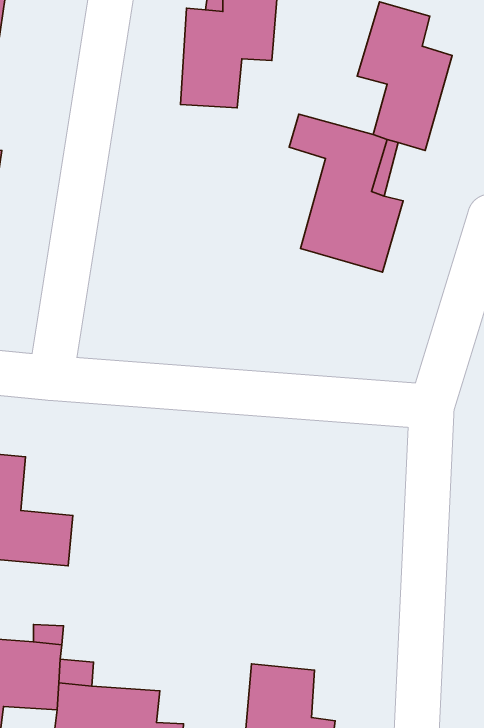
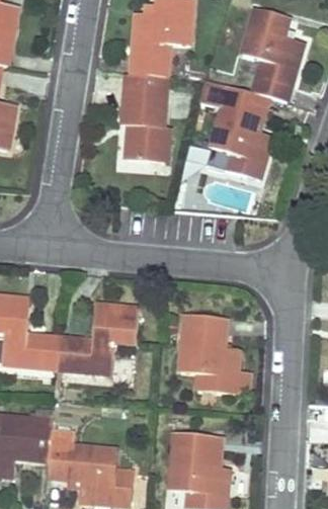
building: none -> [125,73,168,162]
building: none -> [57,305,139,373]
building: none -> [180,314,239,394]

